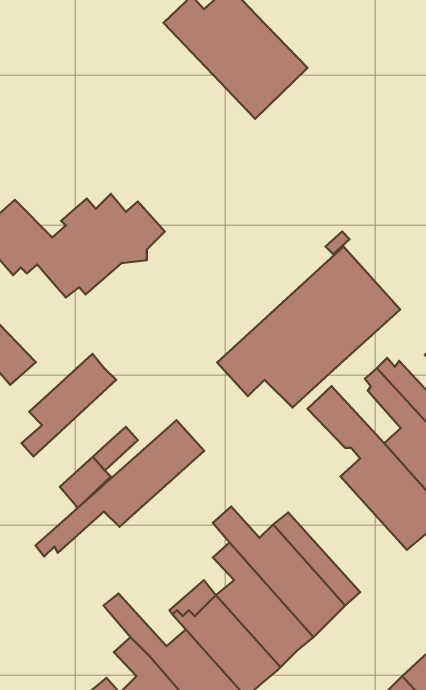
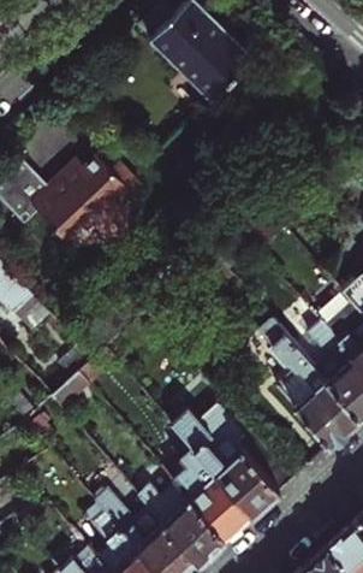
building: [217,247,400,407] -> none
building: [22,354,116,456] -> none
building: [35,420,204,556] -> none

